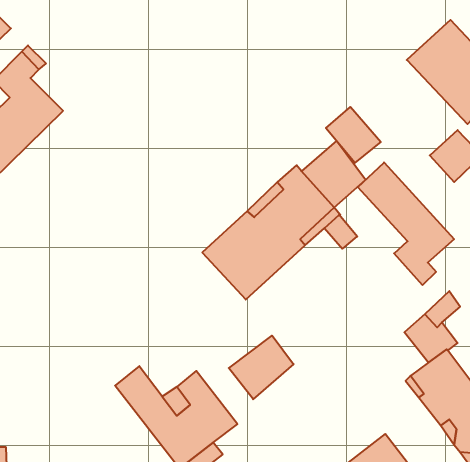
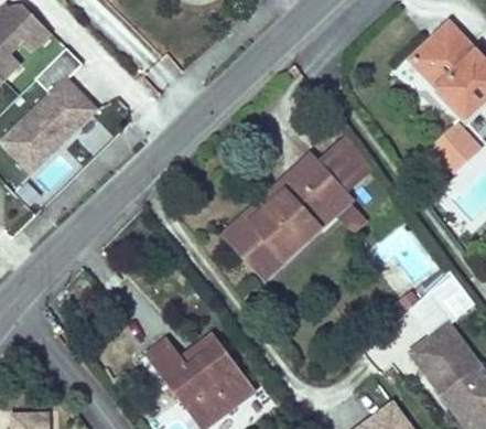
building: [326,107,381,163] -> none
building: [358,162,454,285] -> none
building: [229,336,294,399] -> none

